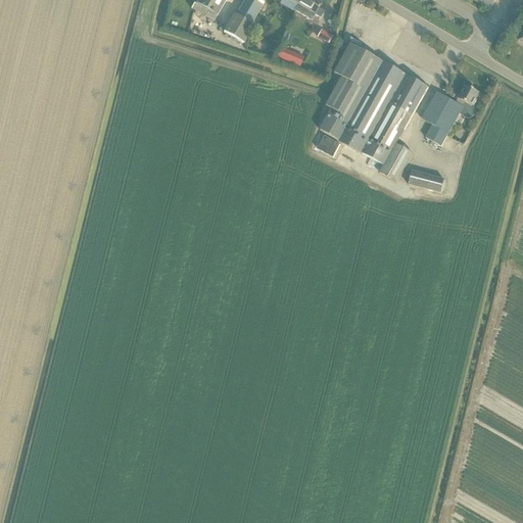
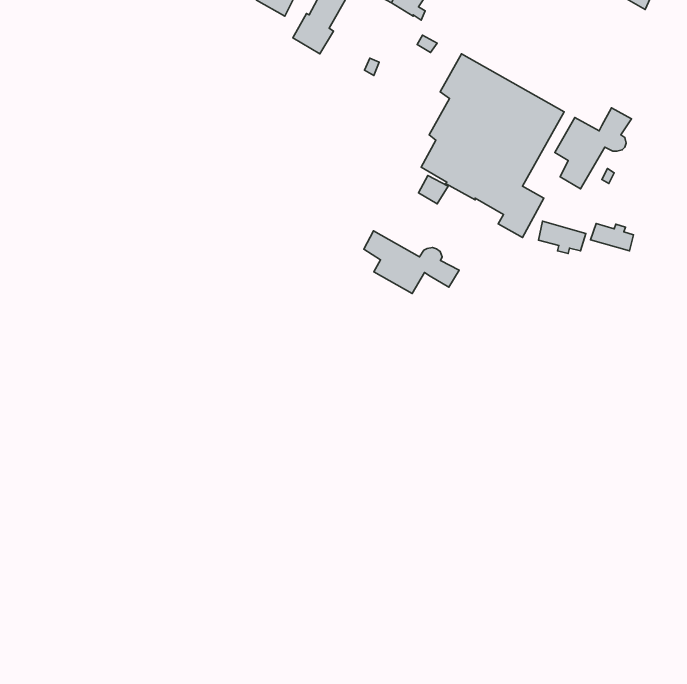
building: none -> [590,224,634,251]
building: none -> [364,231,459,293]

